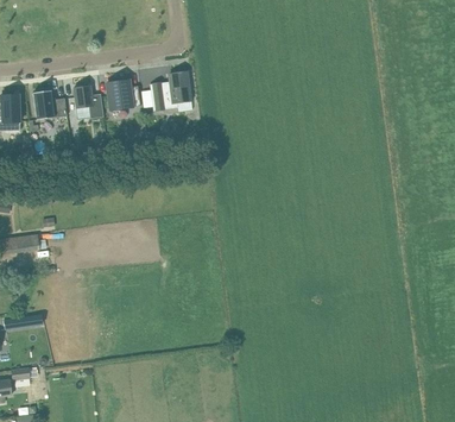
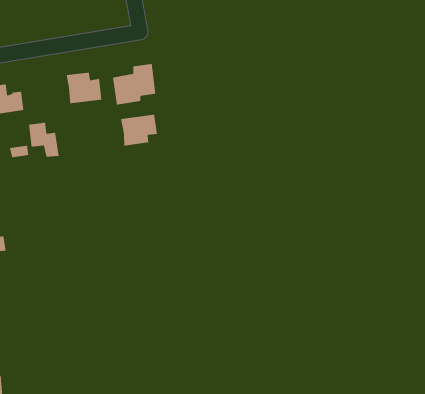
building: [74,84,103,118] -> [28,122,60,157]
building: none -> [121,114,157,147]

